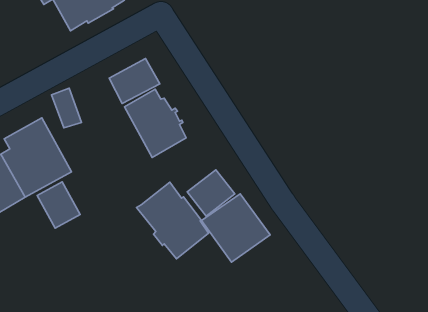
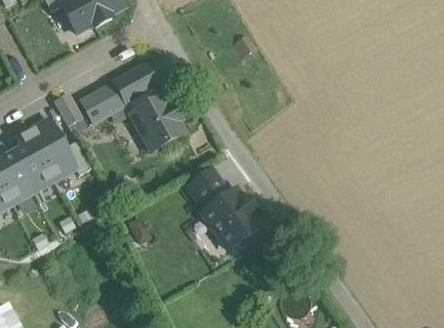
building: none -> [79,83,124,124]
building: [37,182,80,228] -> none
building: [137,182,209,259] -> none

